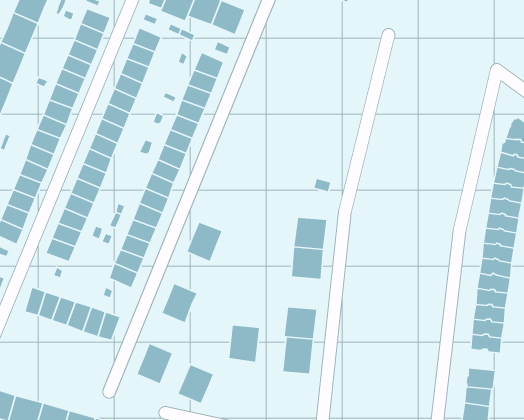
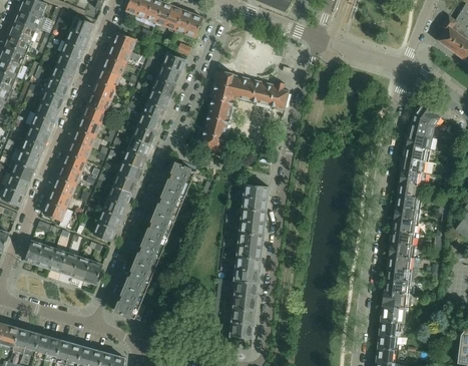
building: none -> [199,70,289,152]
building: none -> [165,163,194,196]
building: none -> [145,213,174,246]
building: none -> [237,233,264,259]
building: [229,325,260,362] -> [229,309,255,339]
building: none -> [382,291,411,308]
building: [178,364,214,404] -> [125,262,154,294]

